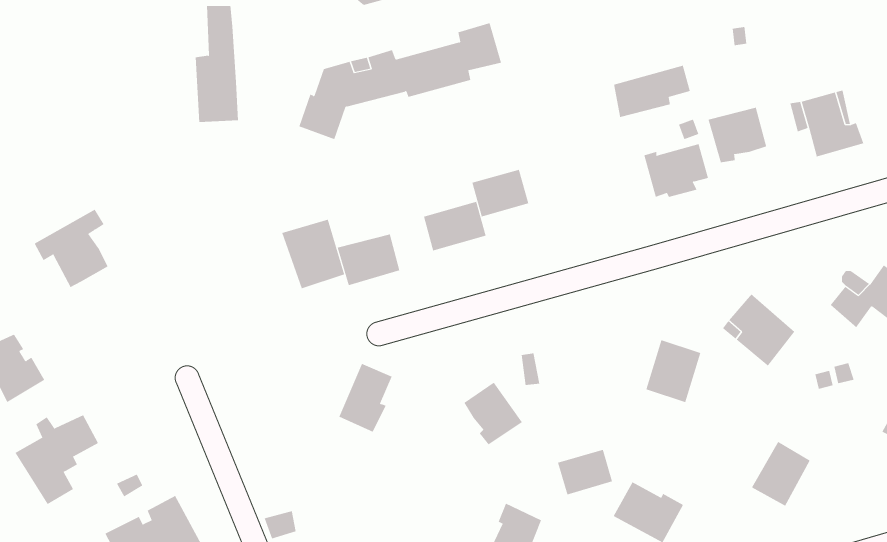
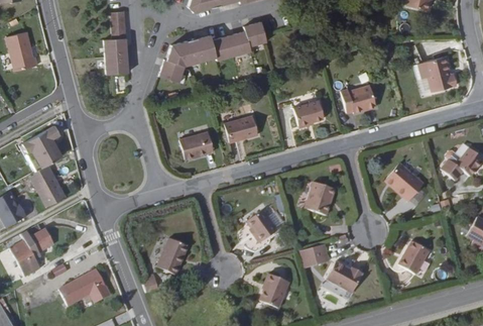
building: none -> [7,23,38,63]
building: [613,65,690,118] -> none
building: [708,107,767,163] -> none
building: [472,169,529,217] -> [293,101,324,126]
building: [282,219,345,289] -> none
building: none -> [26,157,67,206]
building: [646,339,701,403] -> [305,183,334,216]
building: [339,363,392,432] -> [157,238,186,275]

